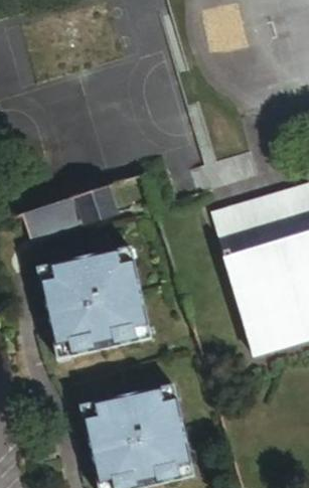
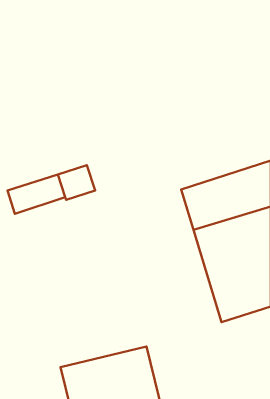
building: [36,246,150,359] -> none

